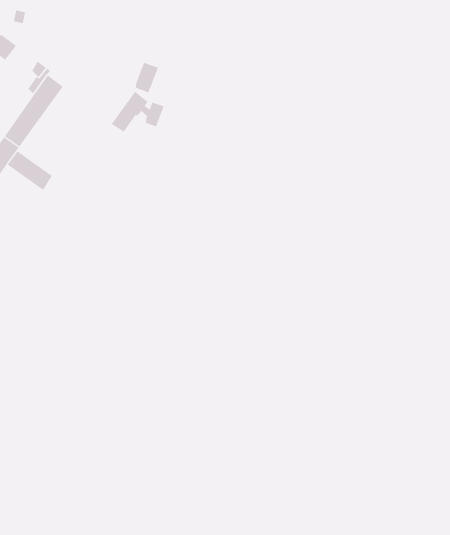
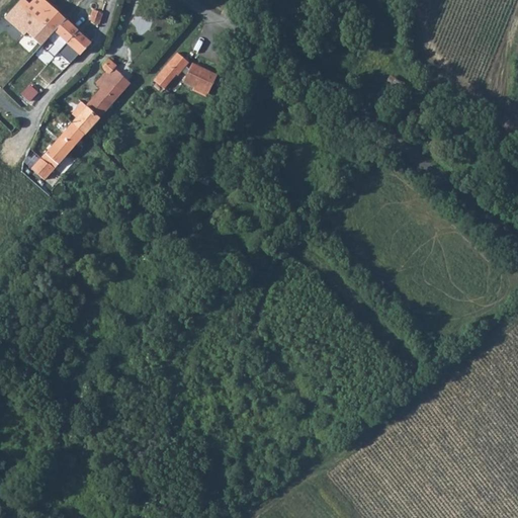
building: [111,91,165,133] -> [153,52,202,88]
building: [7,150,53,191] -> none

